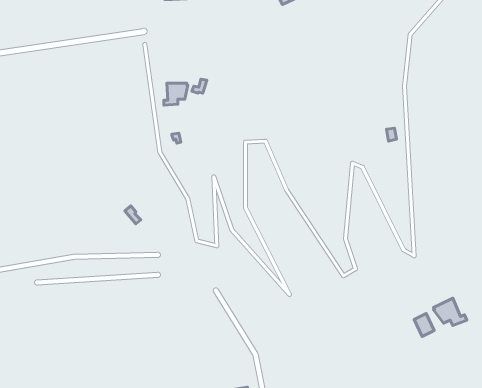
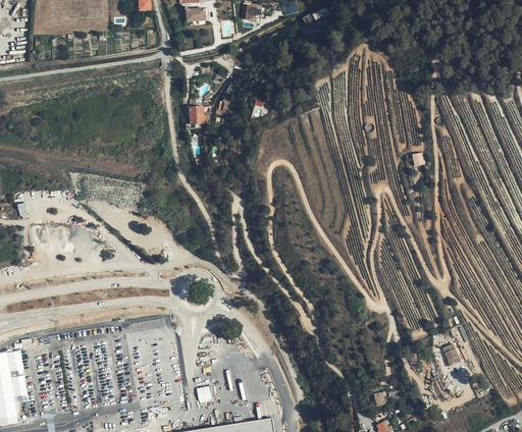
building: [434,298,467,325] -> none

